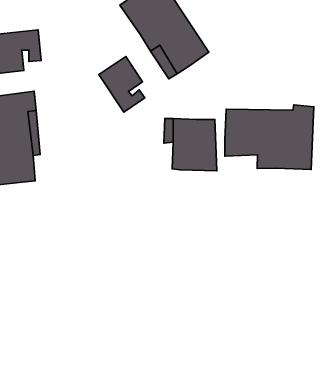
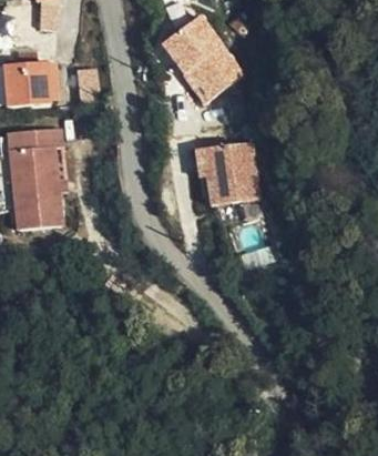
building: [99,57,145,112] -> none
building: [225,105,314,170] -> none

